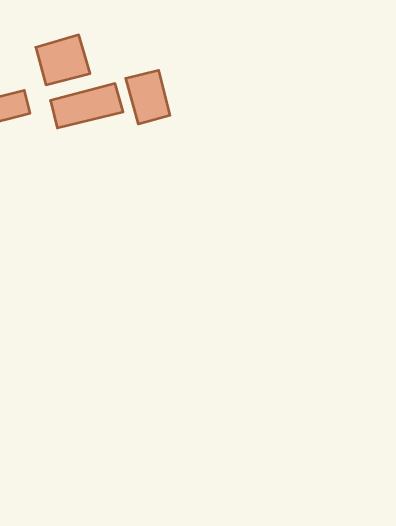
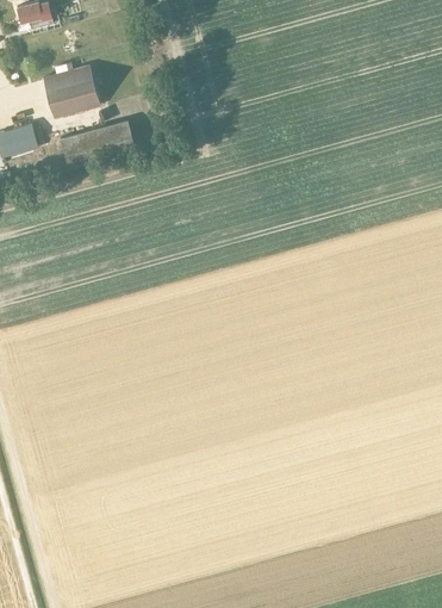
building: [126,70,170,124] -> none

